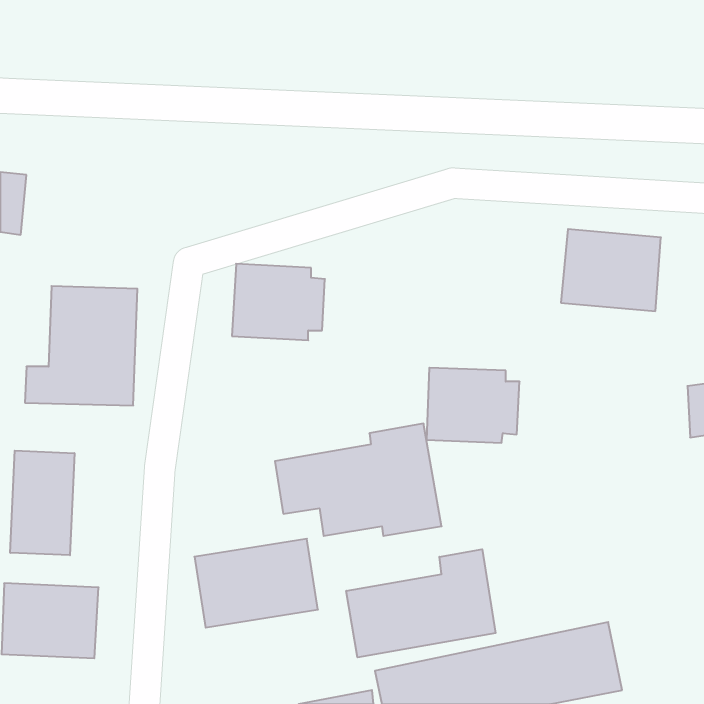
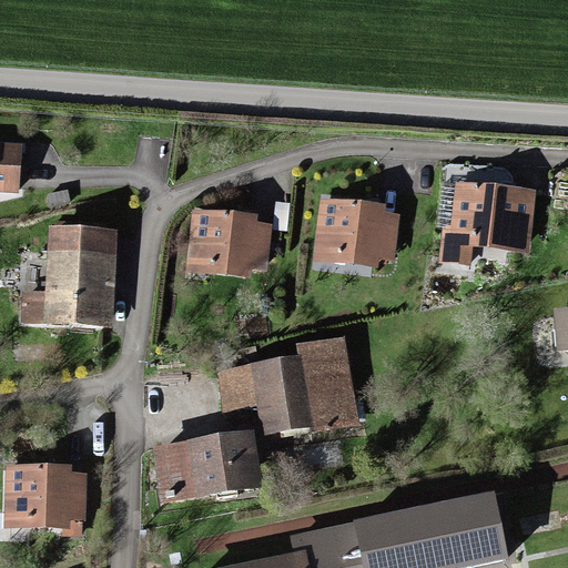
building: [427,368,520,443] -> [321,204,395,264]
building: [10,451,74,555] -> none
building: [346,549,496,657] -> none

